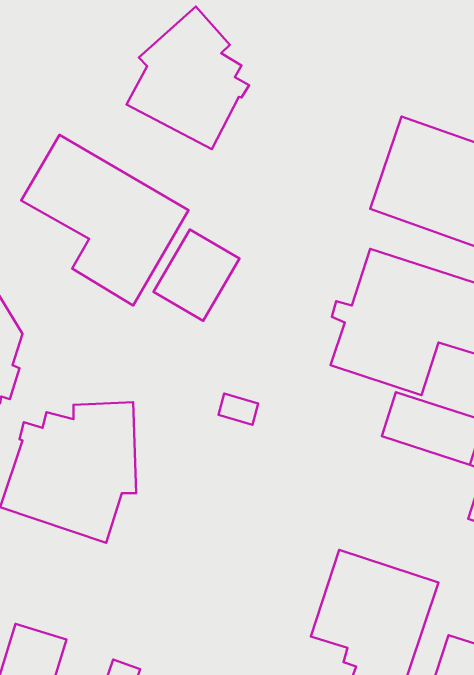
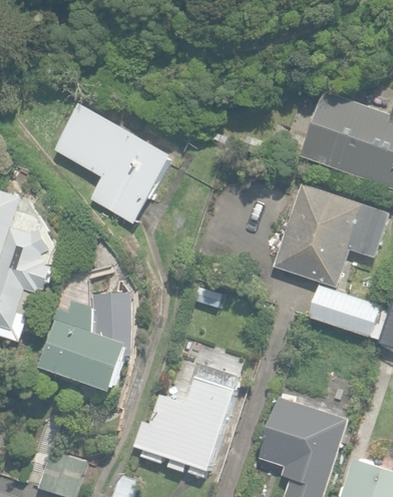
building: [127,7,249,149] -> none
building: [154,229,240,321] -> none
building: none -> [133,350,238,479]

